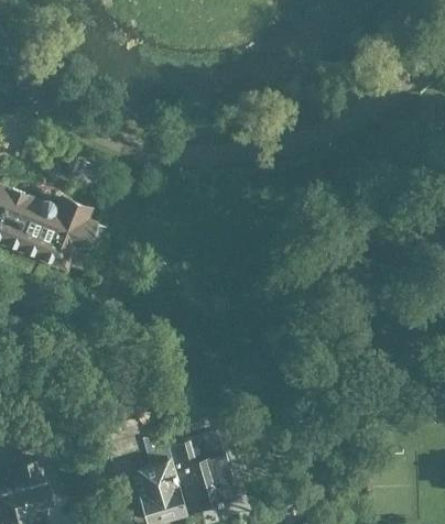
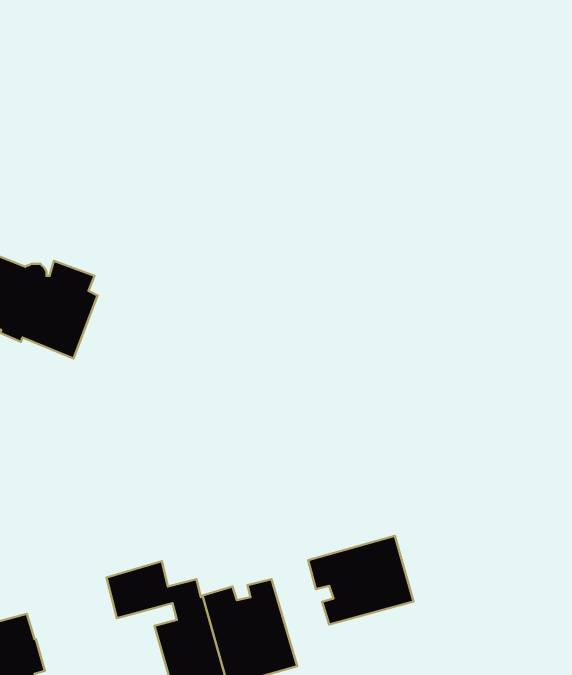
building: none -> [308,536,413,624]

